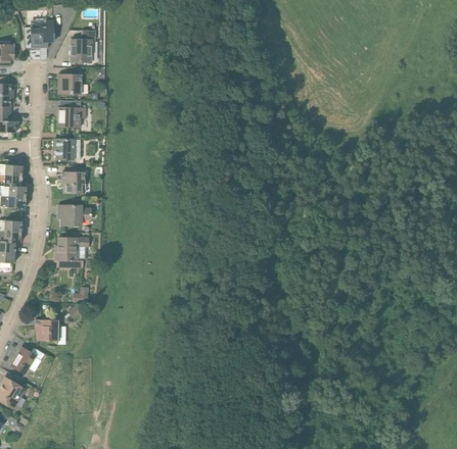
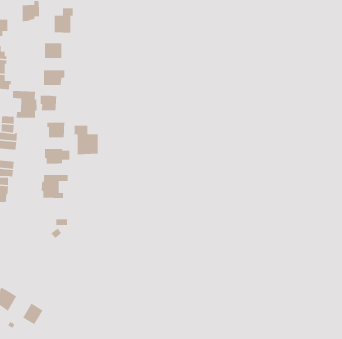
building: none -> [12,90,37,119]
building: none -> [74,125,99,155]
building: [35,319,58,340] -> none
building: [9,346,36,375] -> [22,302,43,325]

